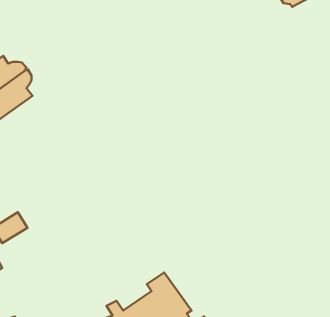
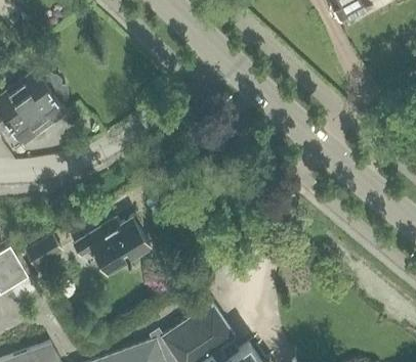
building: none -> [74,216,151,272]

